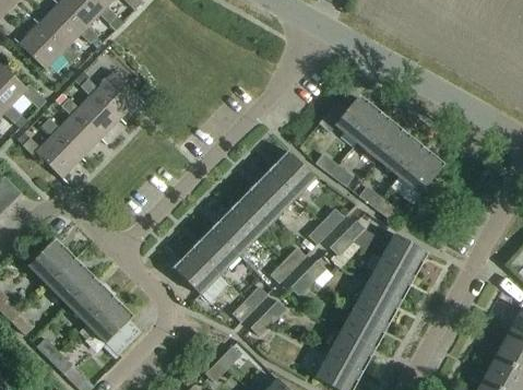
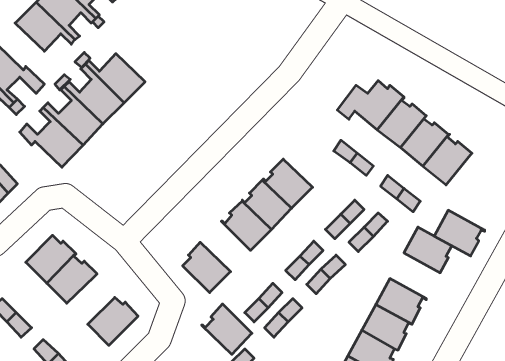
building: [269,150,314,196] -> none
building: [191,227,238,274] -> [202,304,252,354]
building: [368,257,415,299] -> [434,210,485,256]
building: [67,279,114,323] -> none

